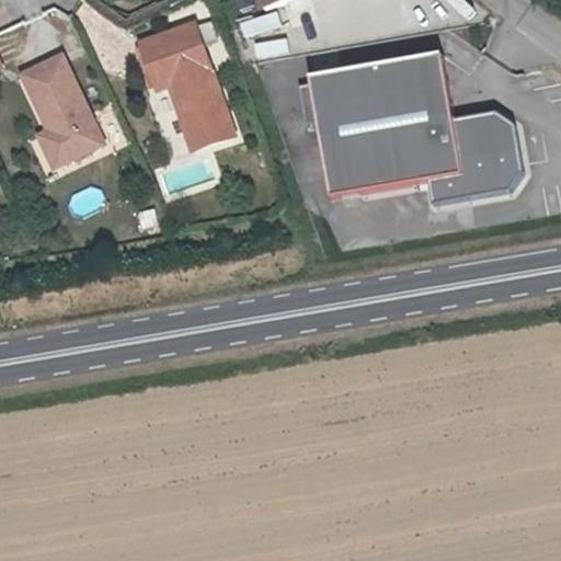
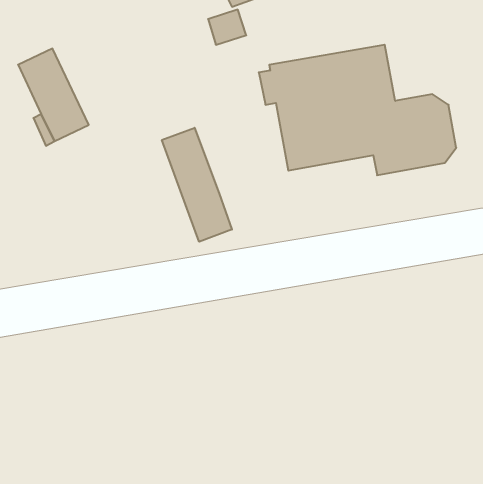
building: [139,23,233,149] -> none
building: none -> [162,128,232,242]

